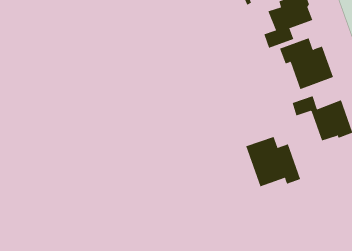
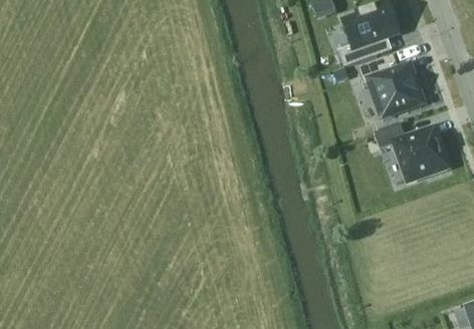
building: [246,136,301,187] -> none

